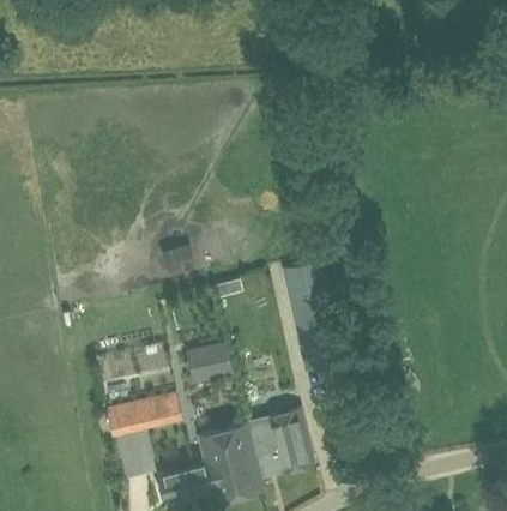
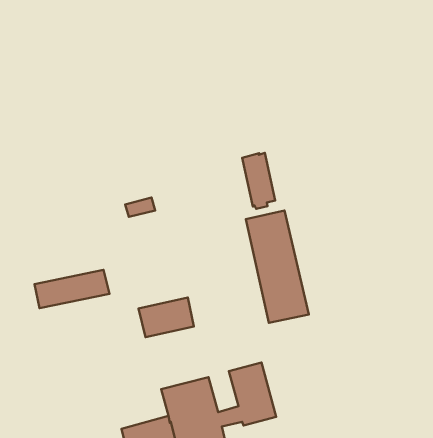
building: none -> [242,153,275,209]
building: [107,397,181,435] -> [35,270,110,308]

